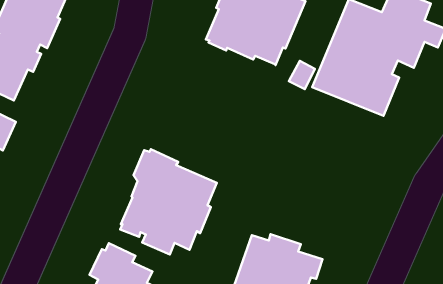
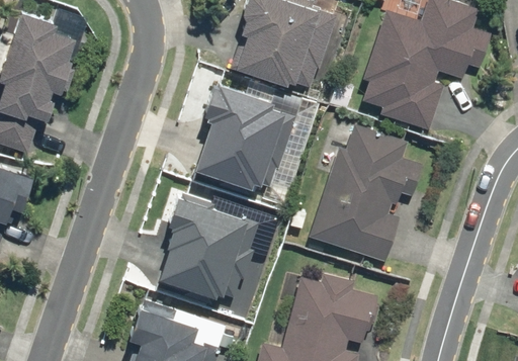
building: none -> [194,84,284,196]
building: none -> [310,125,427,265]

